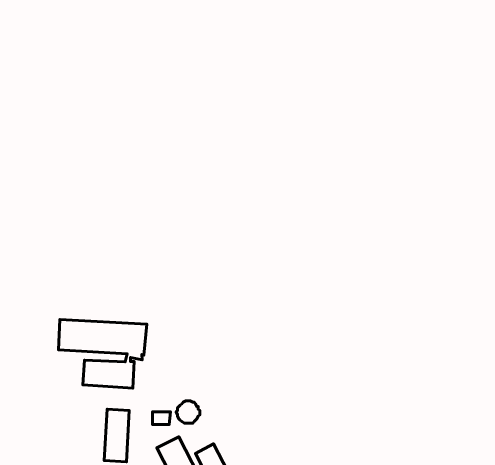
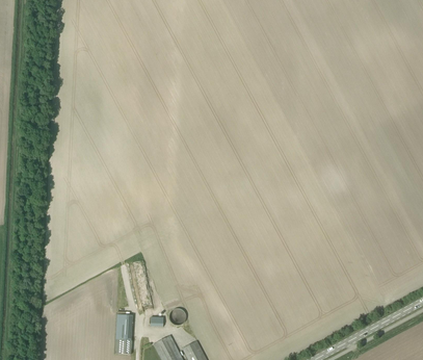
building: [58,320,147,388] -> none

